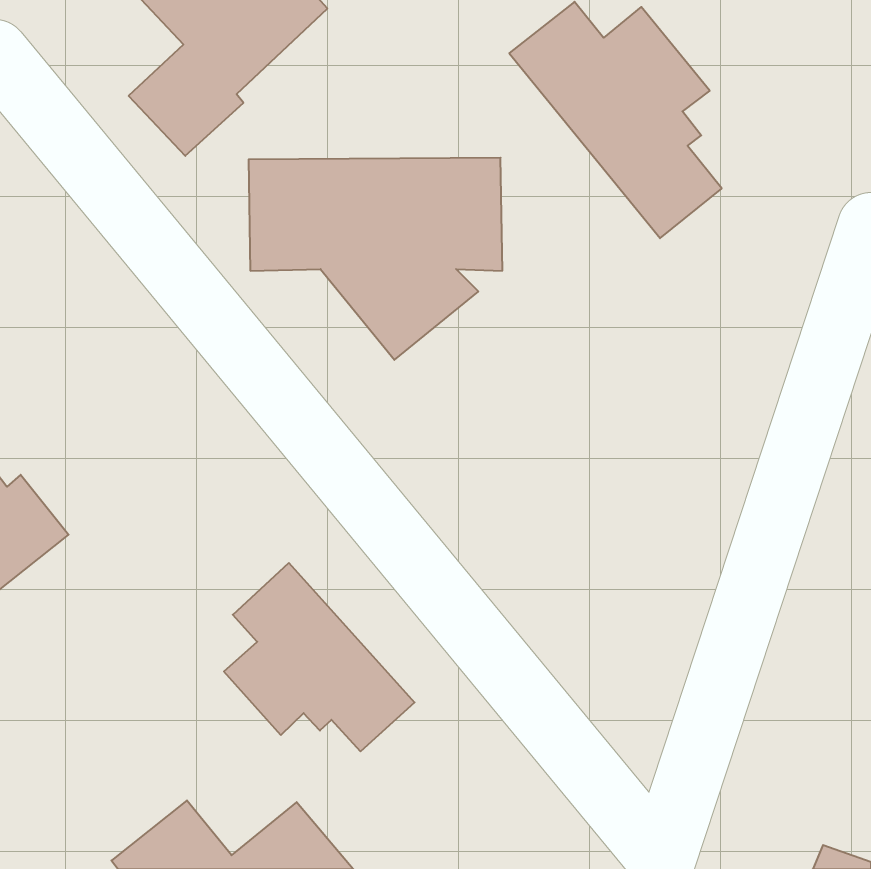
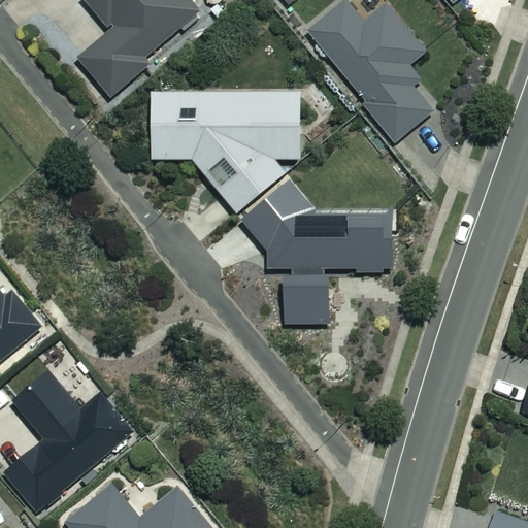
building: none -> [241,182,395,326]
building: [224,563,415,751] -> none
building: none -> [4,367,130,508]

